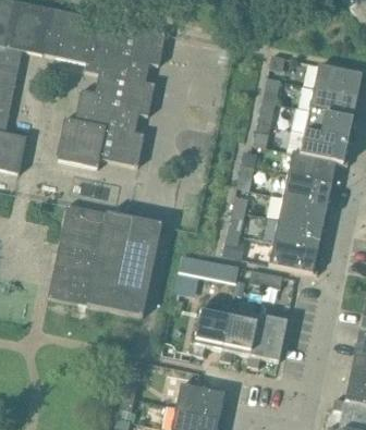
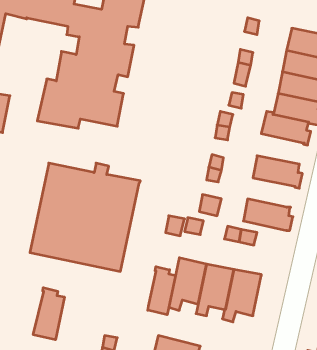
building: [282,173,333,208] -> none
building: [272,219,325,251] -> none
building: none -> [148,267,175,315]
building: none -> [33,288,64,340]

